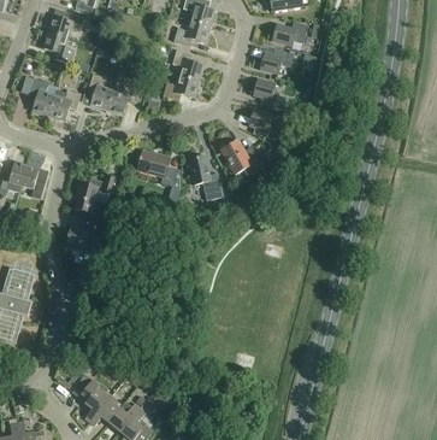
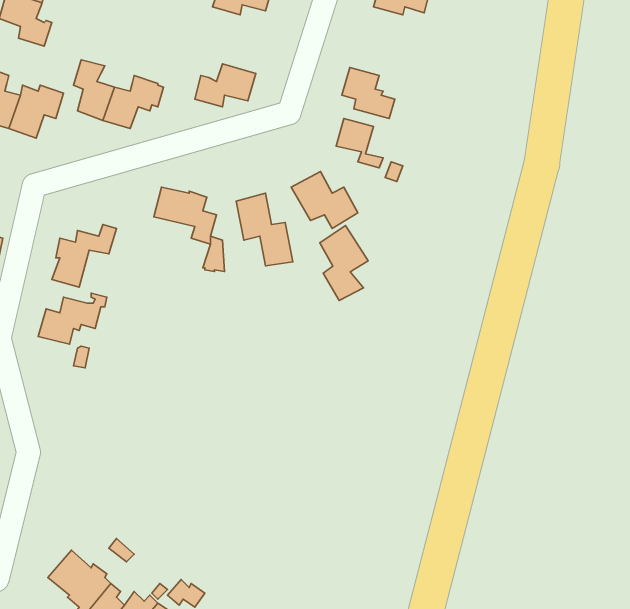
building: [171,48,203,81] -> none
building: [260,48,294,74] -> none
building: none -> [320,225,368,301]

